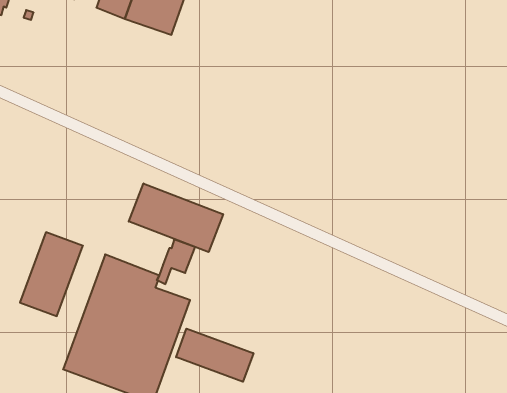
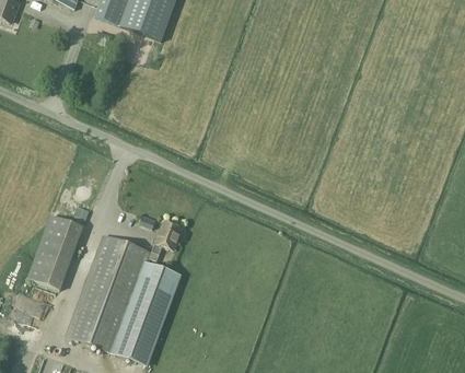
building: [129,183,223,252] -> none
building: [176,329,253,382] -> none

